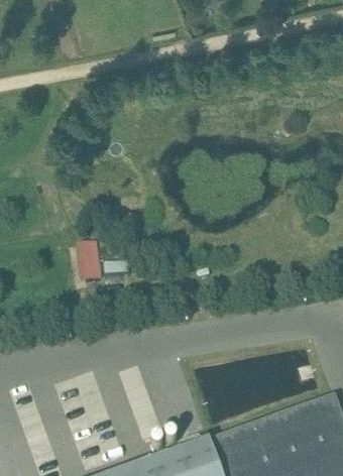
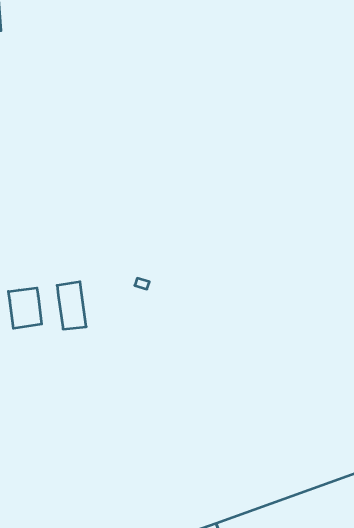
building: none -> [8,288,42,328]

